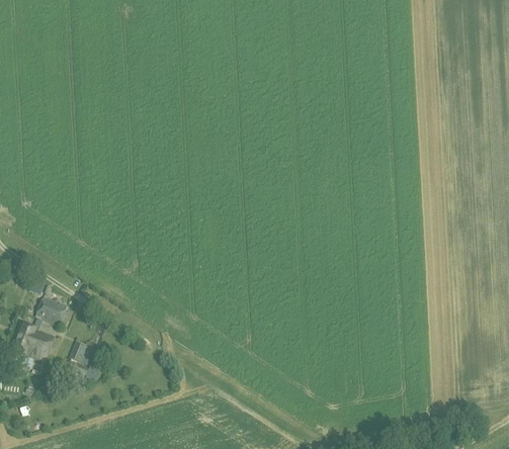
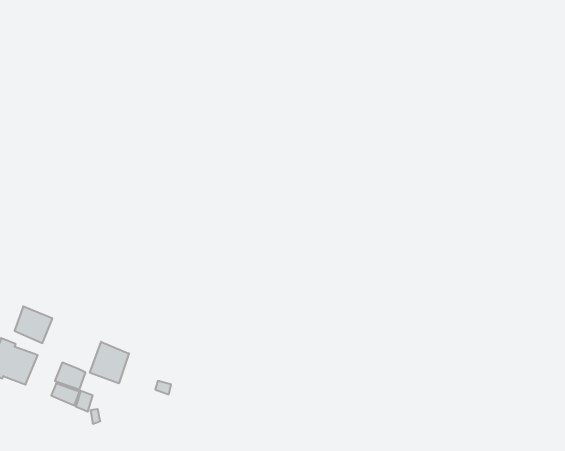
building: none -> [90,342,129,383]

